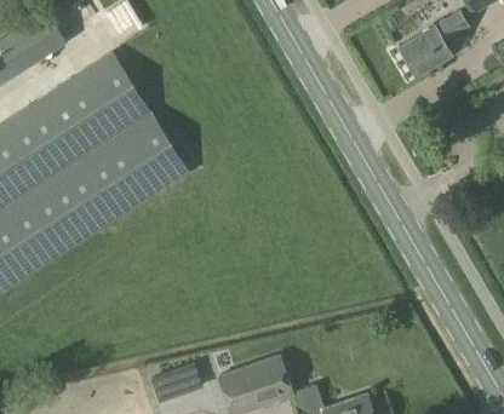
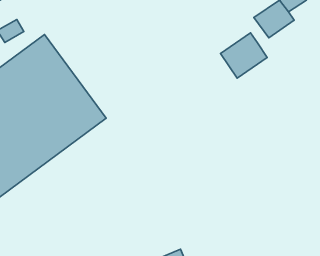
building: none -> [221,33,267,78]

